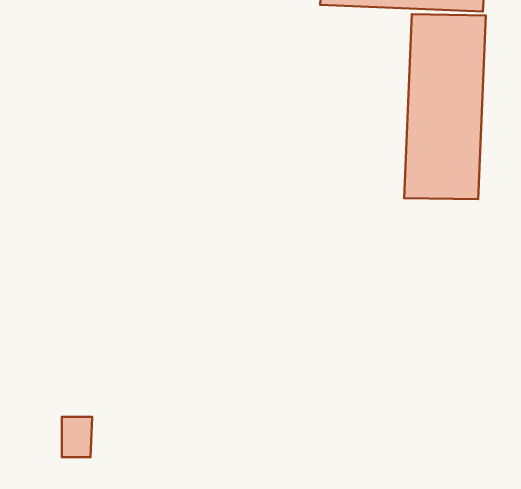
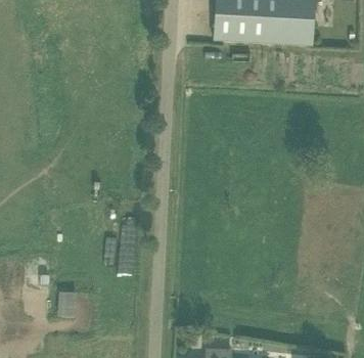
building: [404,14,486,199] -> none

